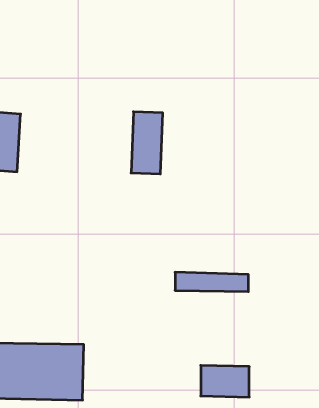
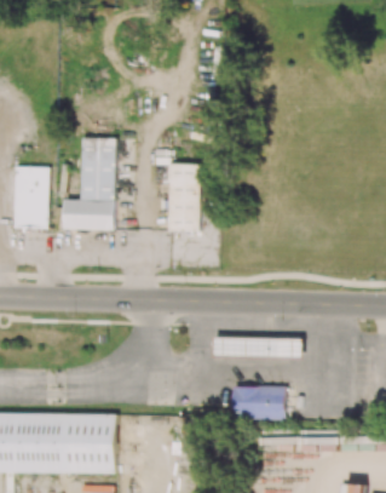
building: none -> [64,133,115,229]
building: [201,365,249,397] -> [232,385,284,419]

